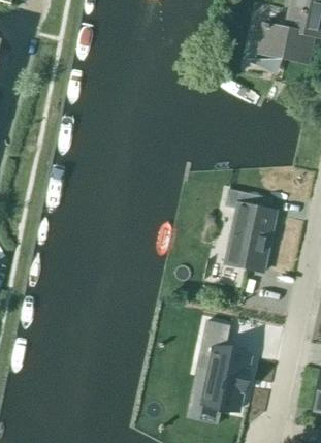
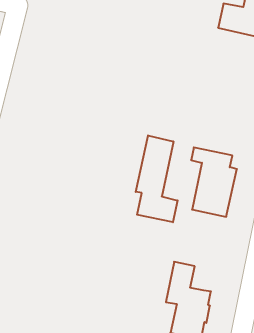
building: none -> [136,135,178,222]

